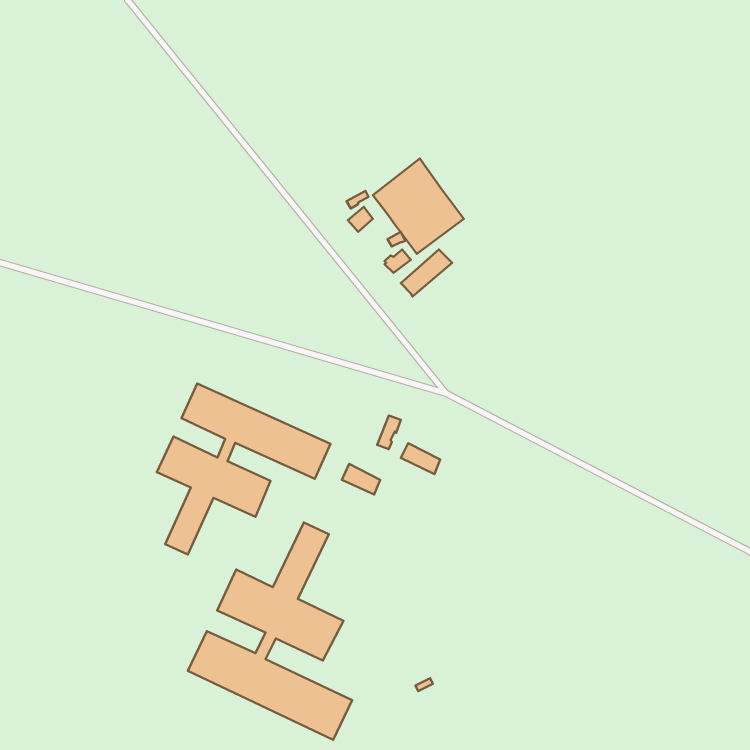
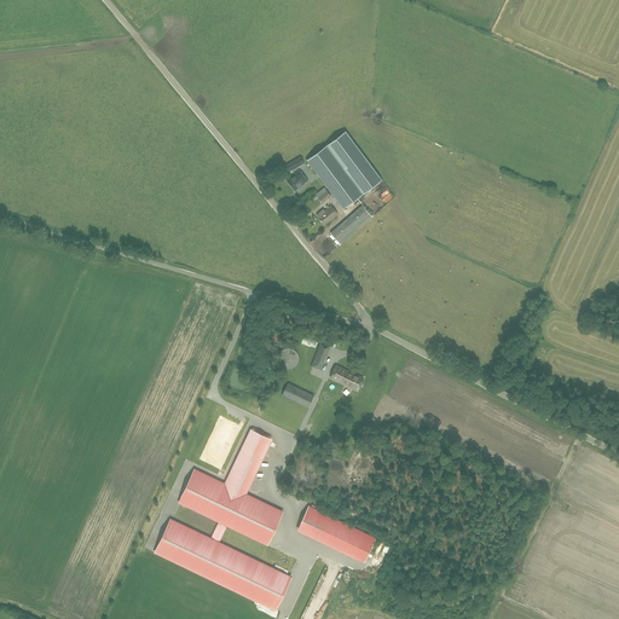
building: [157,383,330,555] -> none
building: none -> [300,507,375,557]

